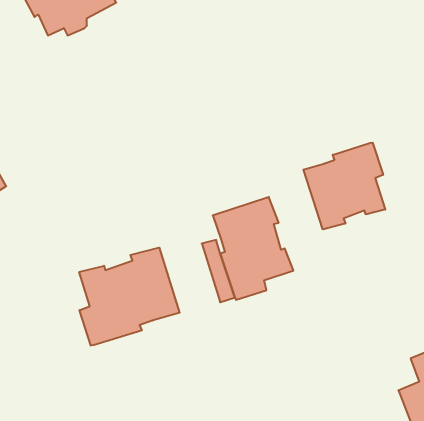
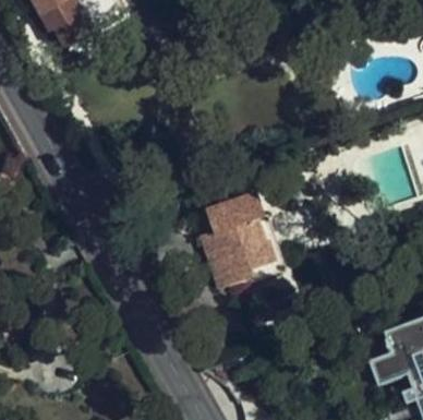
building: [303,143,385,229] -> none
building: [79,248,180,346] -> none

